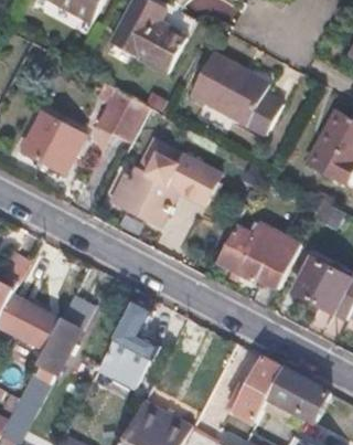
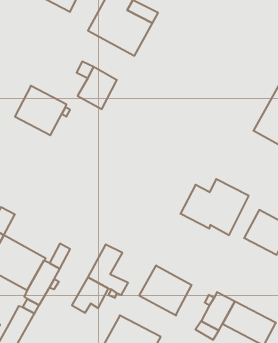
building: [190,56,281,138] -> none
building: [114,150,222,224] -> none
building: none -> [139,265,192,316]

